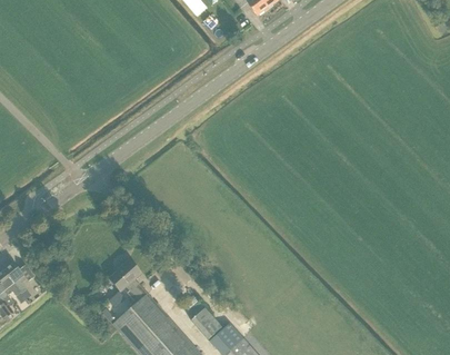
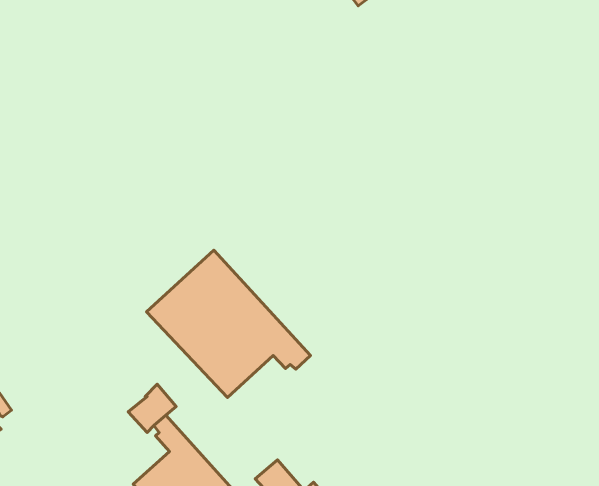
building: none -> [147,250,310,398]

